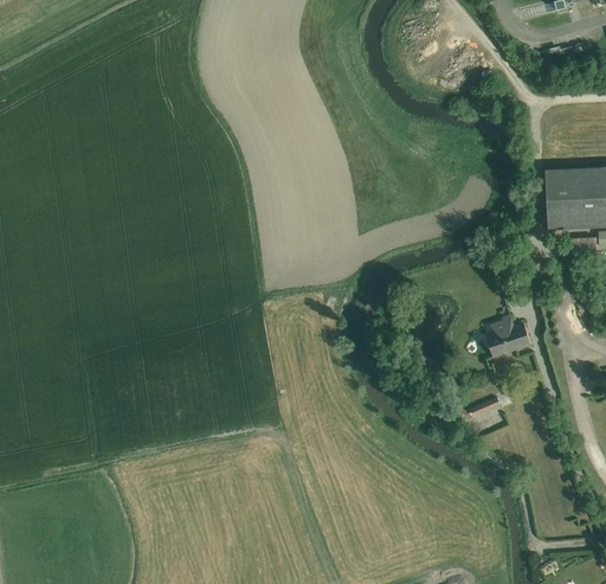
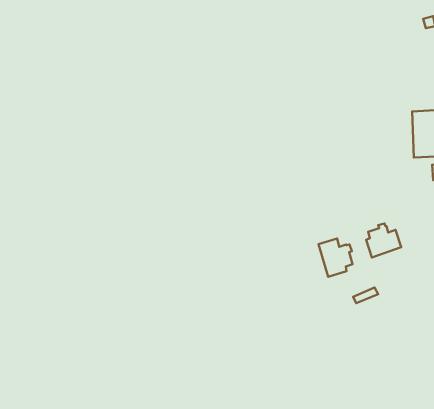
building: none -> [319,238,353,277]

